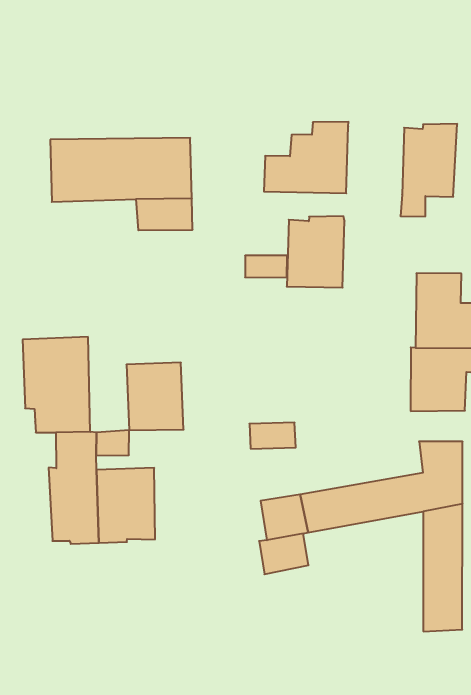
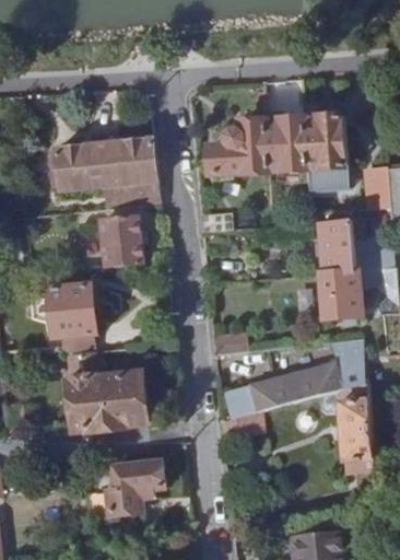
building: [287,216,345,288] -> [263,117,305,170]
building: [126,363,184,430] -> [99,217,143,267]
building: none -> [109,460,164,514]

